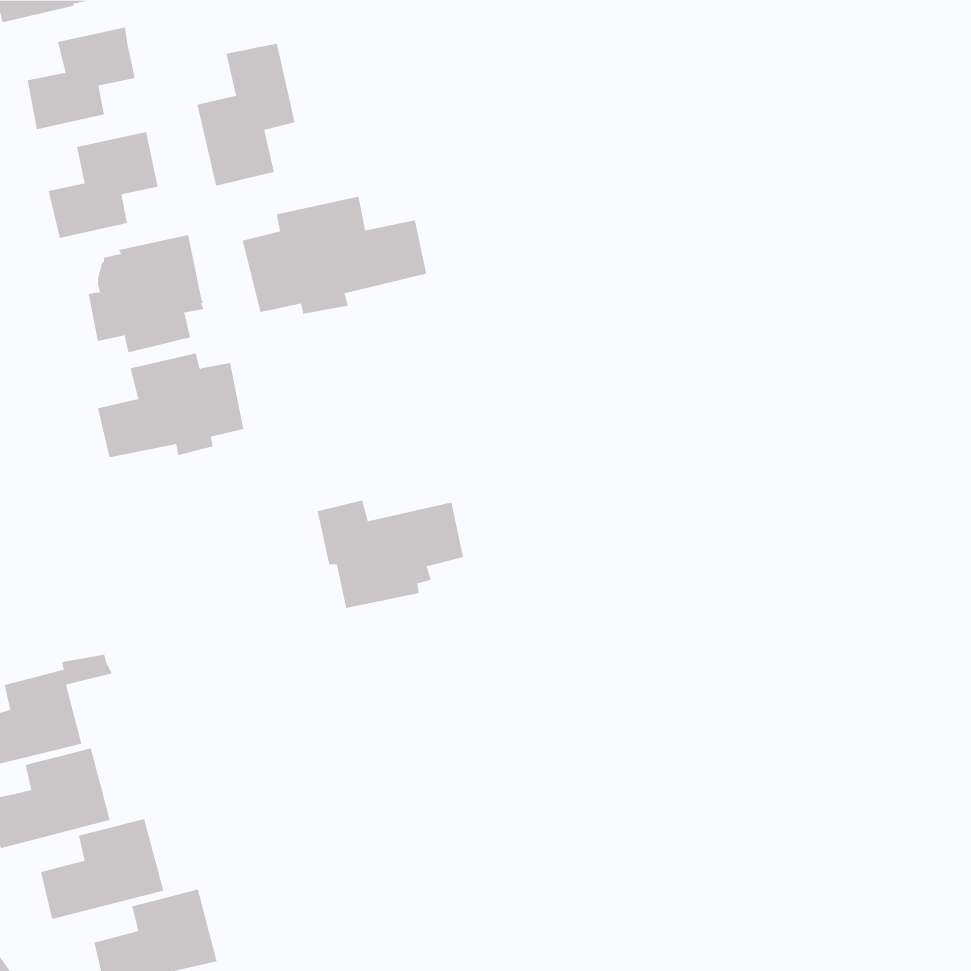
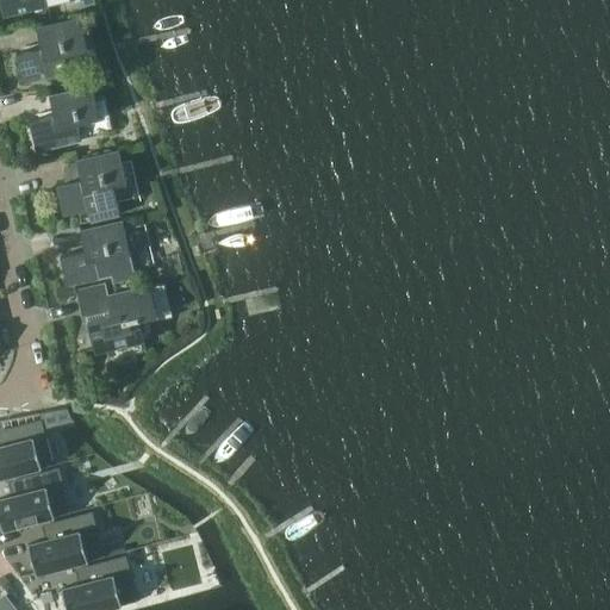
building: [197,43,295,187] -> none
building: [242,196,427,315] -> none
building: [317,500,464,609] -> [76,284,168,351]

